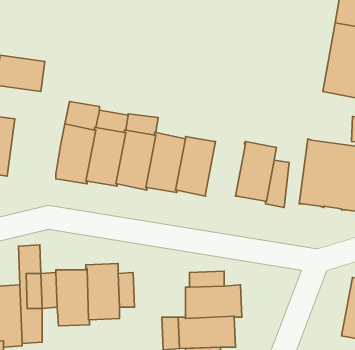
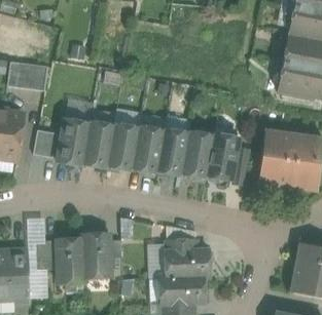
building: none -> [34,129,62,158]
building: none -> [181,129,214,179]
building: none -> [144,247,165,276]

